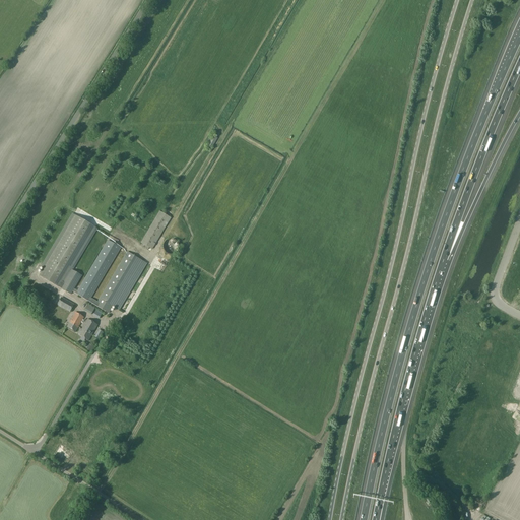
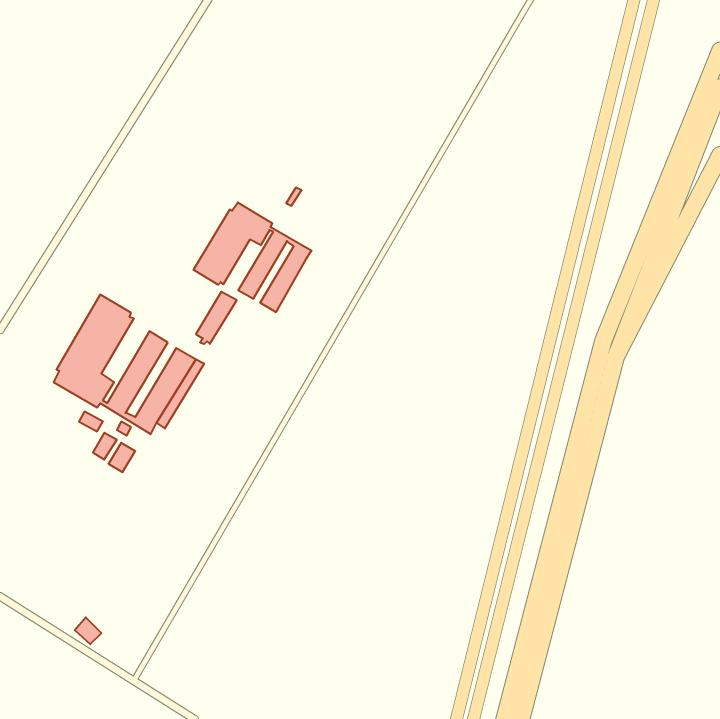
building: none -> [194,202,312,312]

